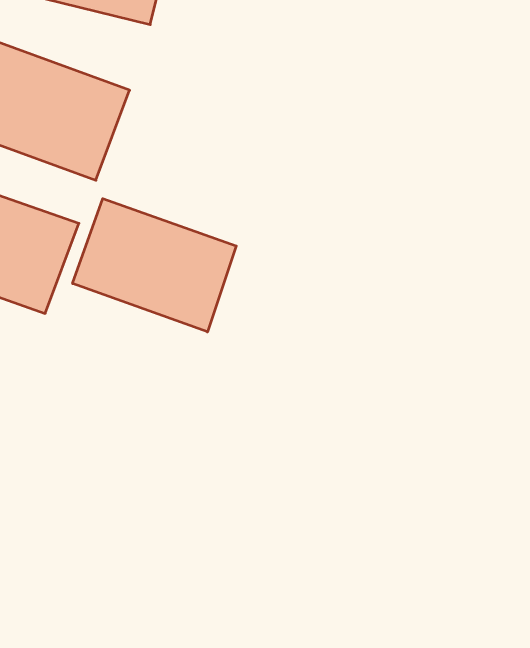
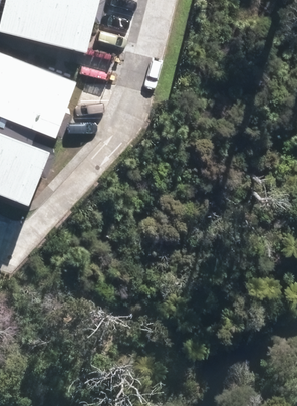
building: [73,199,236,332] -> none

